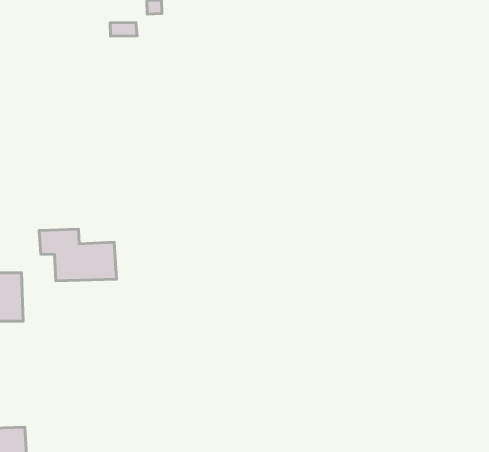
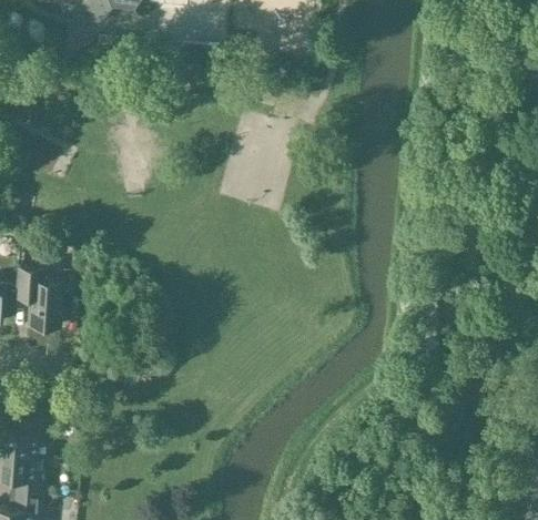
building: [39,229,116,281] -> none

